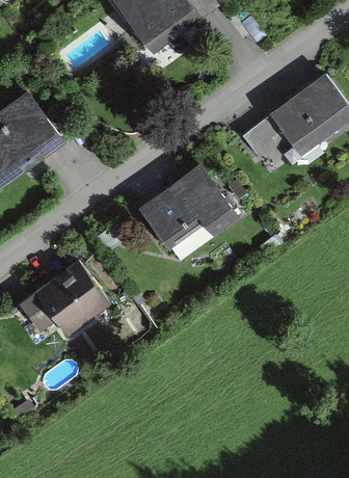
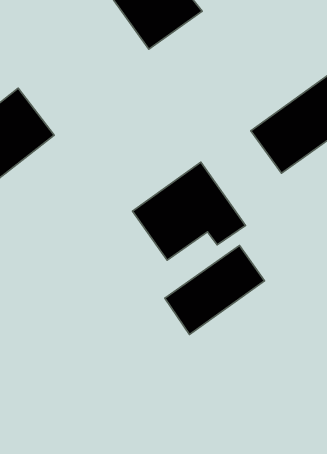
building: none -> [165,246,265,334]
building: [18,258,113,338] -> none

